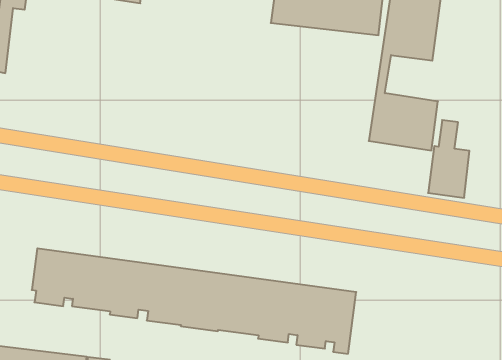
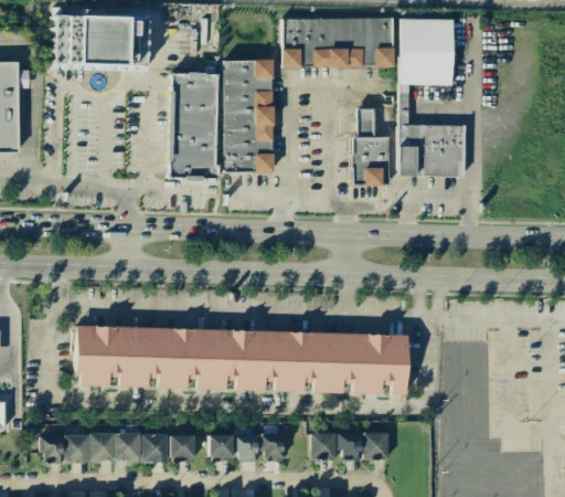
building: none -> [224,60,273,171]
building: none -> [168,73,217,179]
building: [428,120,469,198] -> [352,108,390,184]

